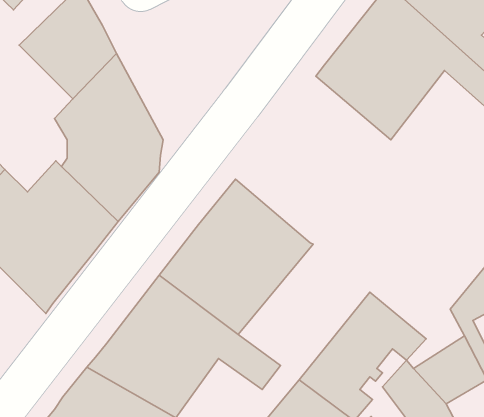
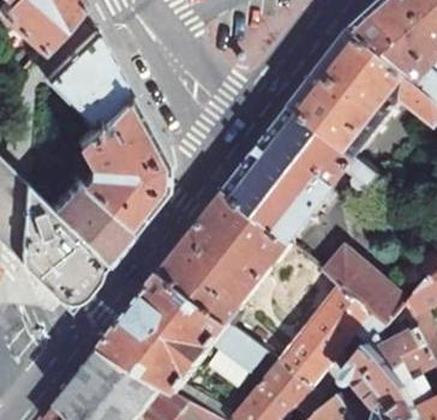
building: none -> [223,104,378,246]
building: none -> [323,252,406,328]

